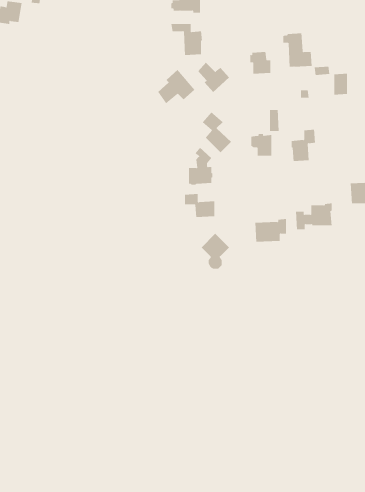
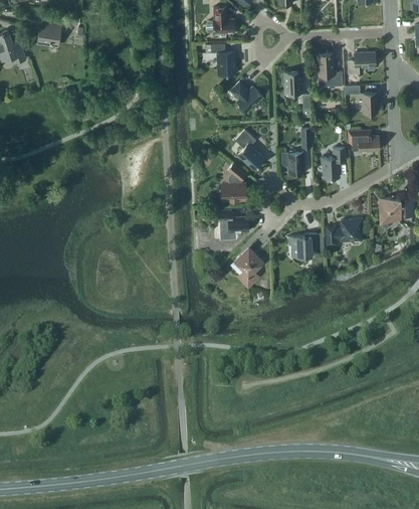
building: none -> [348,52,375,74]
building: [158,69,195,104] -> none
building: none -> [349,130,379,151]

